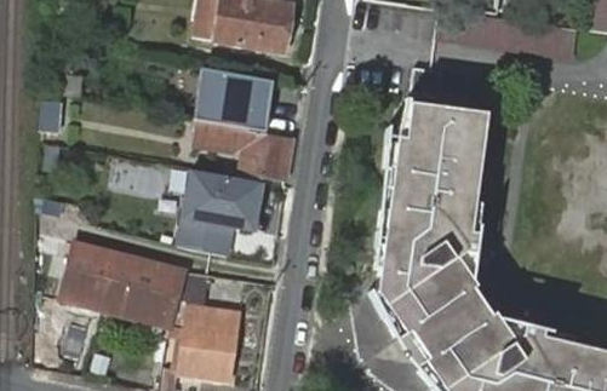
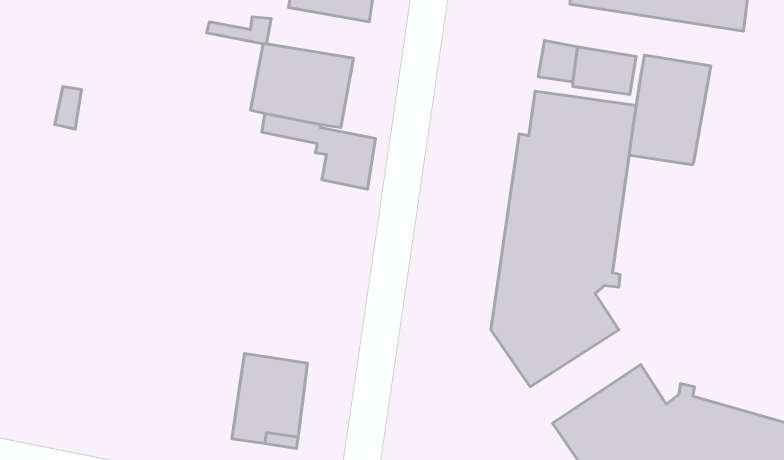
building: none -> [629,55,711,165]
building: [173,166,265,255] -> none
building: [61,240,183,323] -> none
building: [410,288,494,360] -> none

